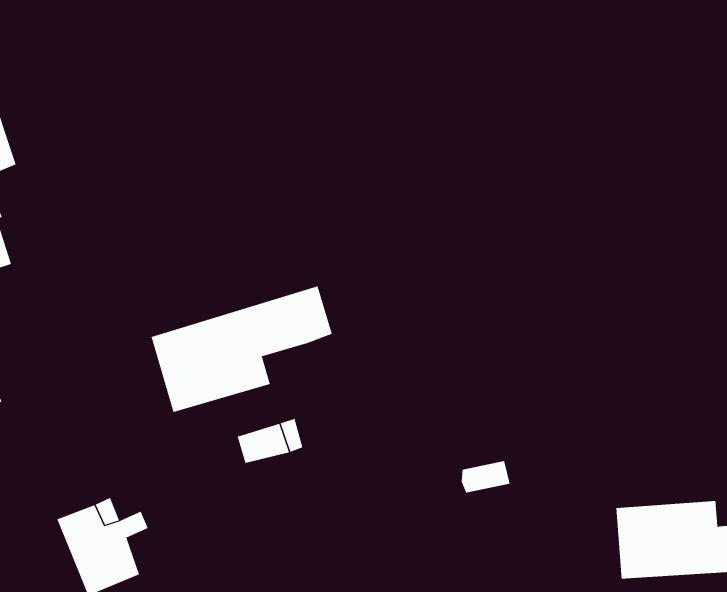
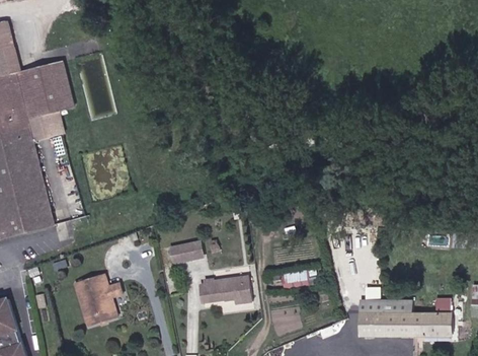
building: [151,285,332,413] -> none
building: none -> [203,276,253,302]

